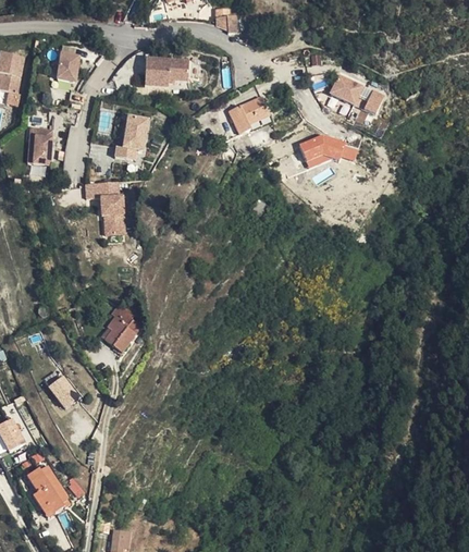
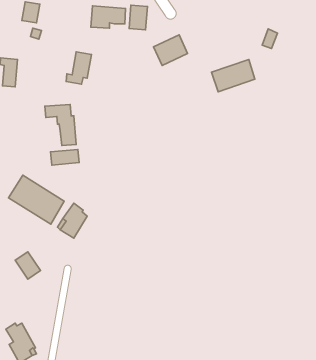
building: none -> [129,5,147,30]
building: [329,75,361,103] -> none
building: none -> [50,150,79,165]
building: none -> [8,175,64,224]

